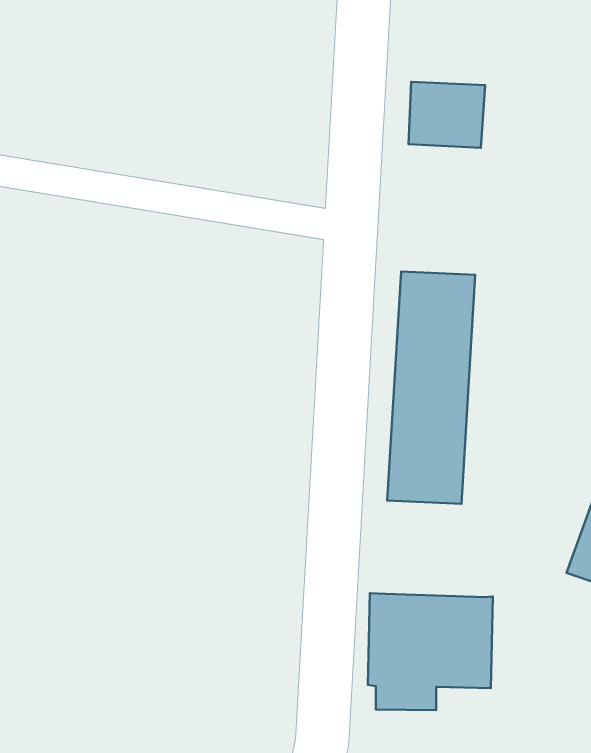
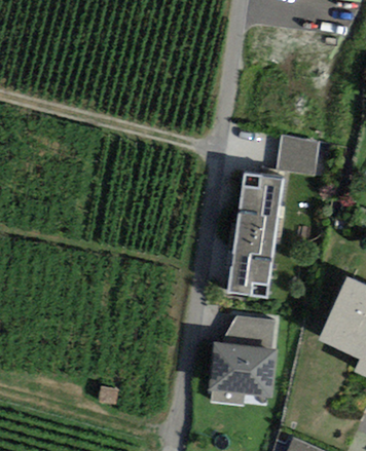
building: [409,82,485,148] -> [276,136,319,174]
building: none -> [221,315,274,348]

